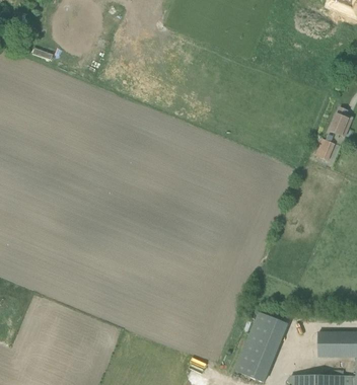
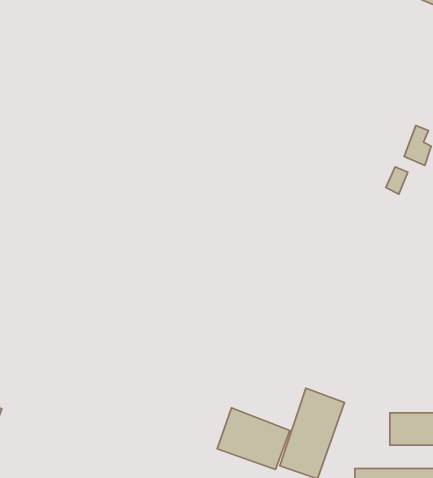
building: none -> [217,408,290,469]

